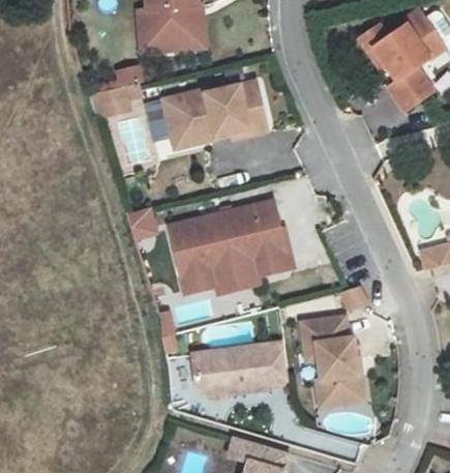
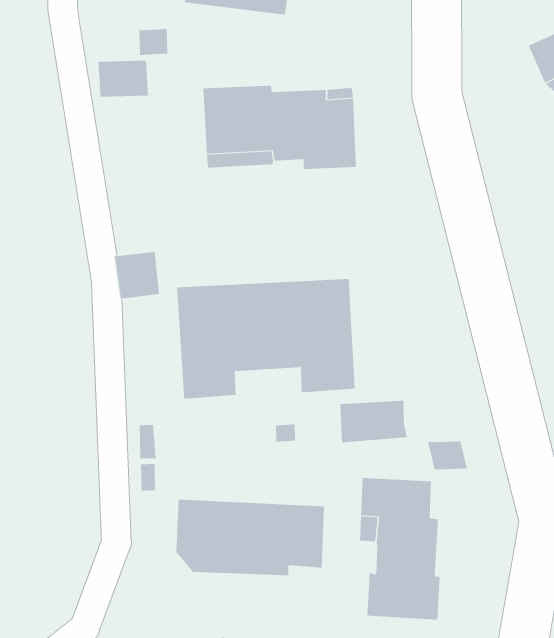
building: [213,260,259,293] -> [340,400,408,443]

